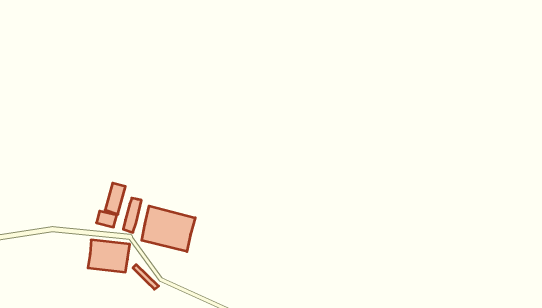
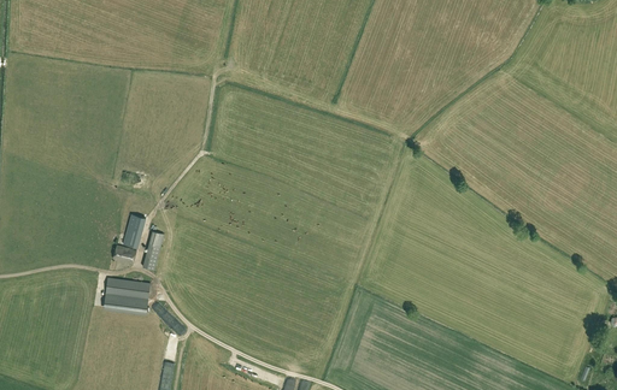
building: [142,206,195,252] -> none

